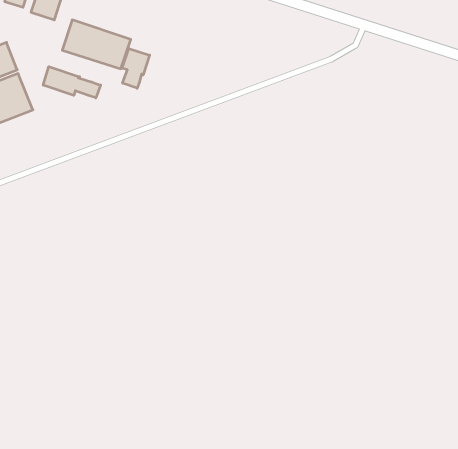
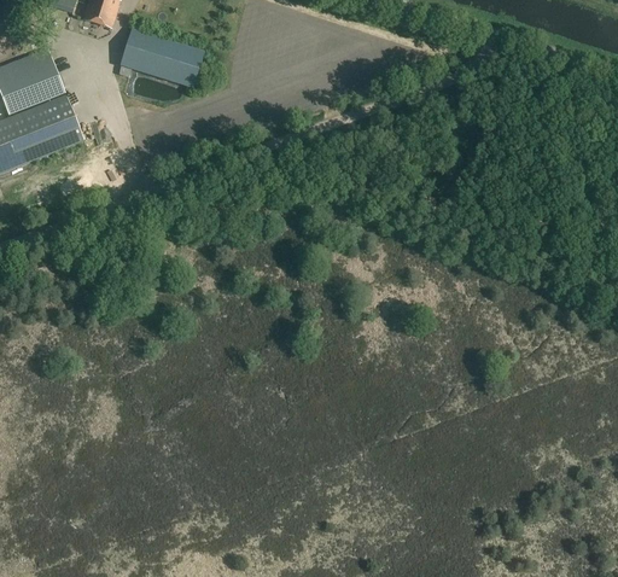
building: [122,48,150,88] -> none
building: [43,67,101,98] -> none

